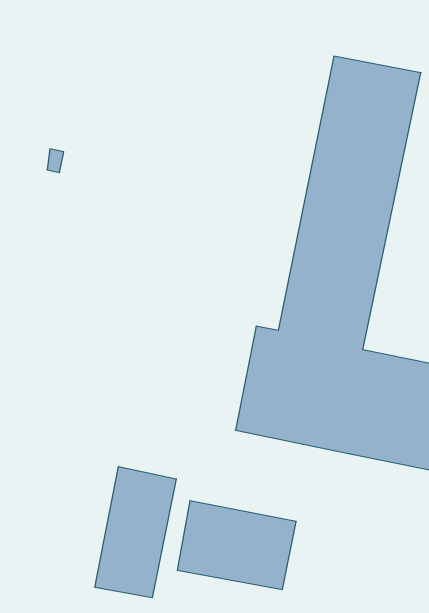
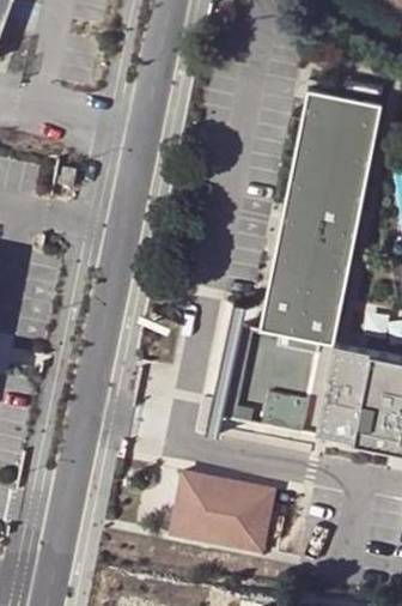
building: [95,466,176,598] -> none

